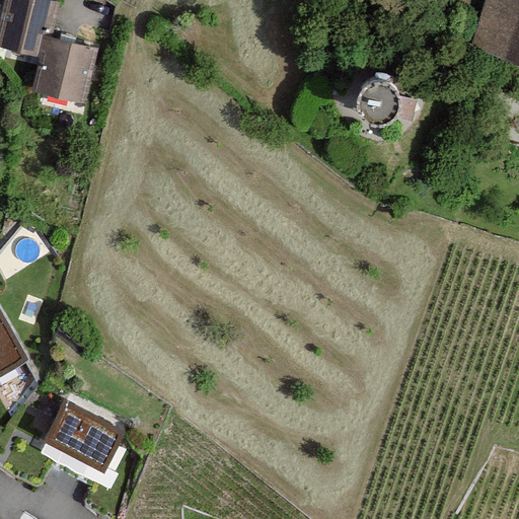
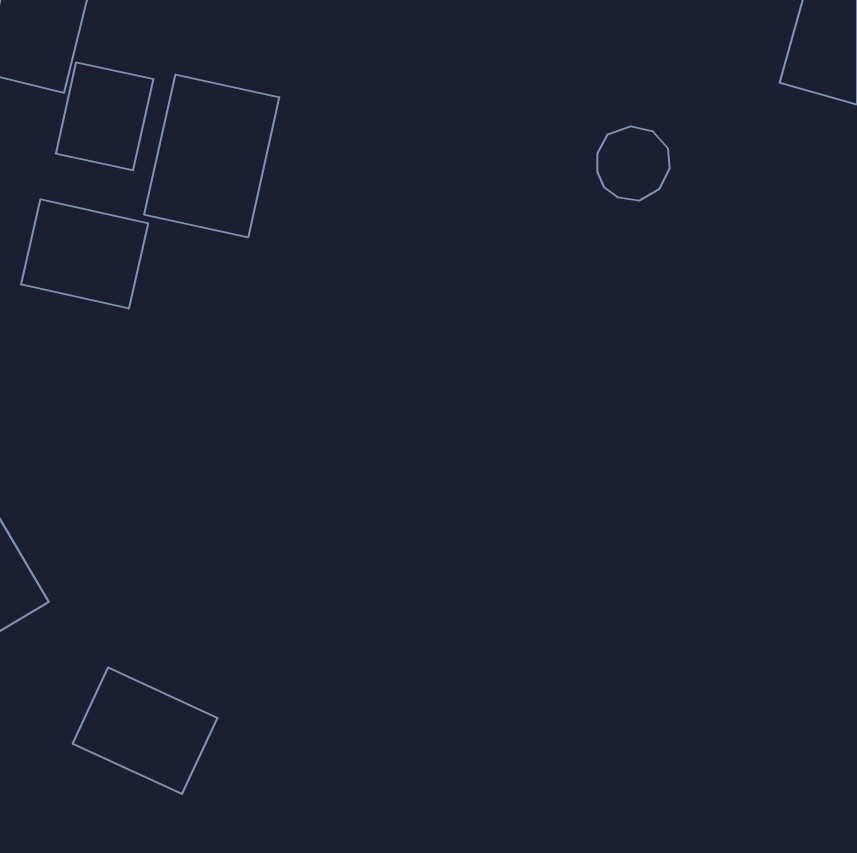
building: none -> [144,75,279,237]
building: none -> [21,199,148,309]

